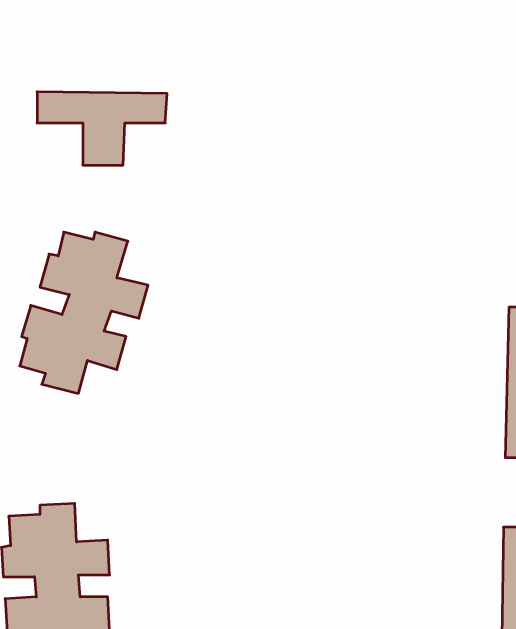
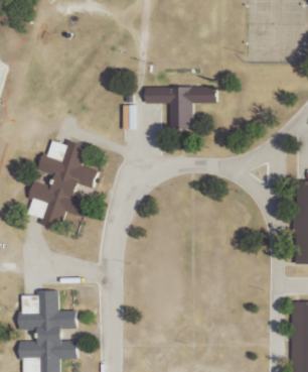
building: [37,92,167,165] -> [145,86,216,126]

